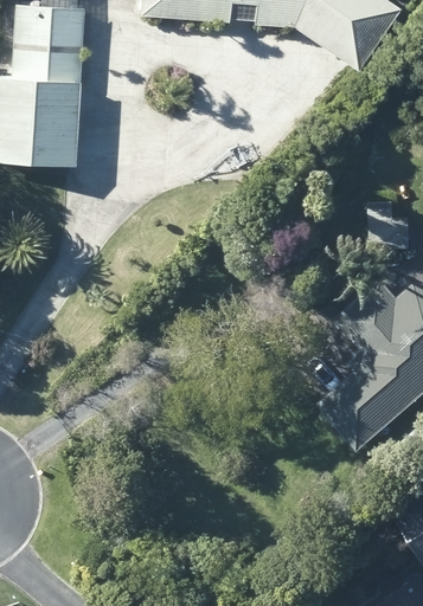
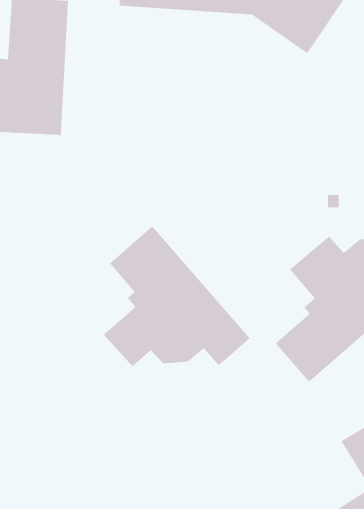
building: none -> [103,225,250,367]

